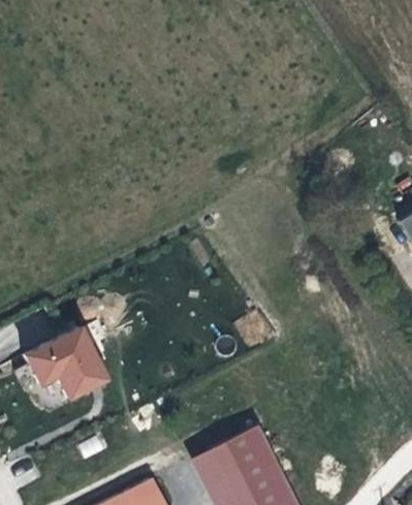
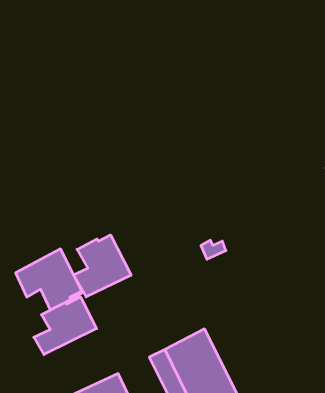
building: none -> [74,235,131,297]
building: none -> [34,297,97,355]

